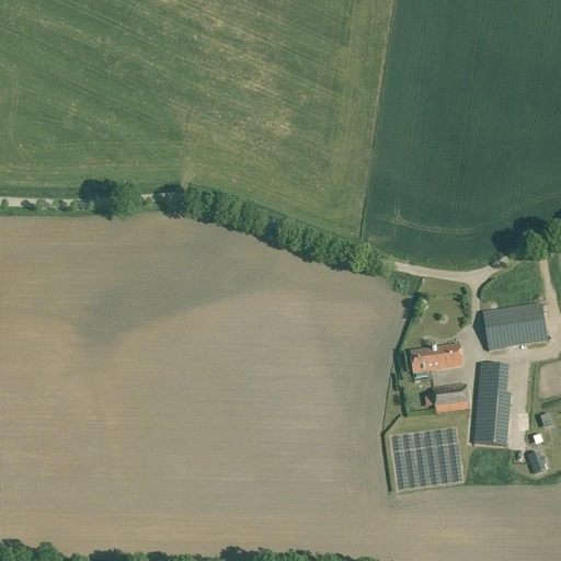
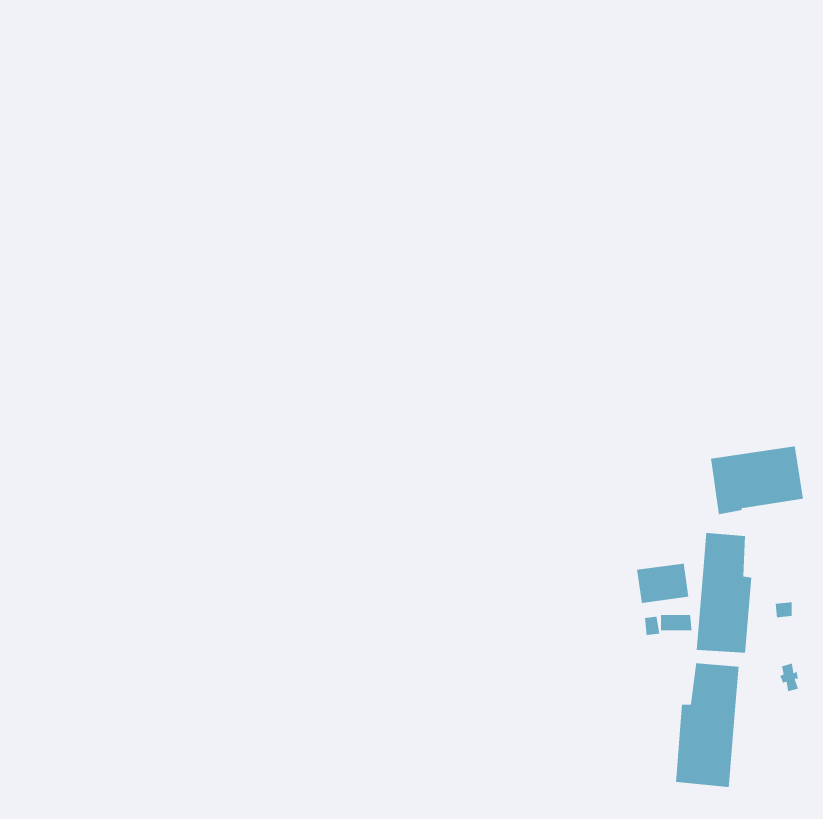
building: [410,344,463,374] -> none
building: none -> [675,663,739,788]

